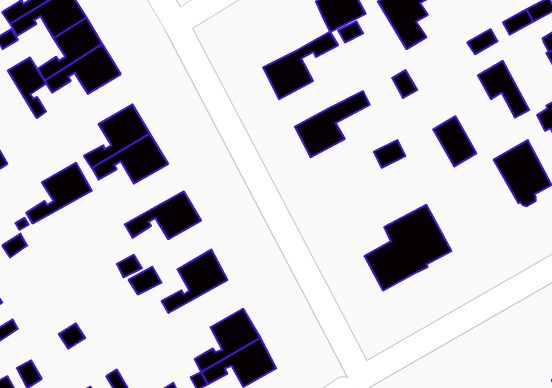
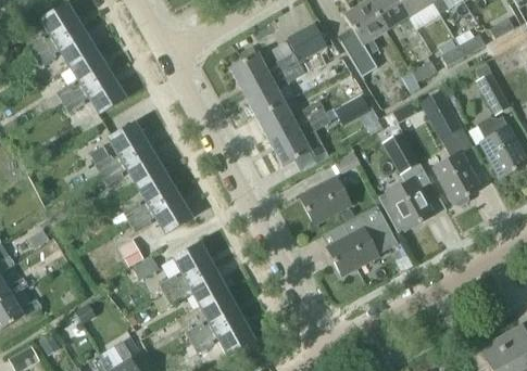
building: none -> [230,51,299,91]
building: [8,57,46,118] -> none
building: none -> [256,100,326,140]
building: [26,163,92,223] -> [124,170,178,220]
building: none -> [300,176,351,223]
building: none -> [378,177,435,232]
building: none -> [165,266,227,305]

